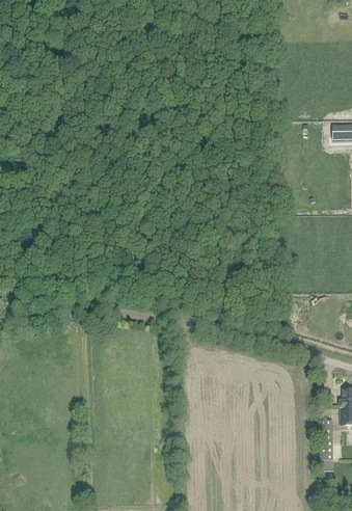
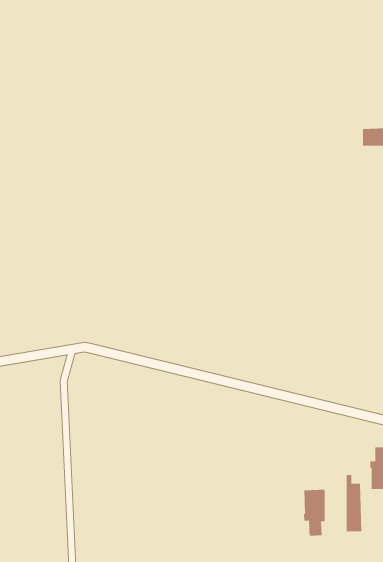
building: none -> [303,489,325,536]

